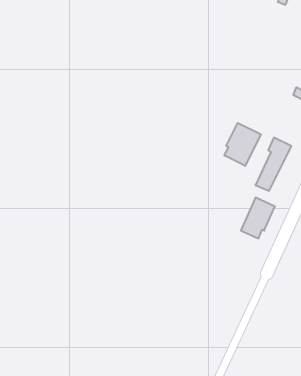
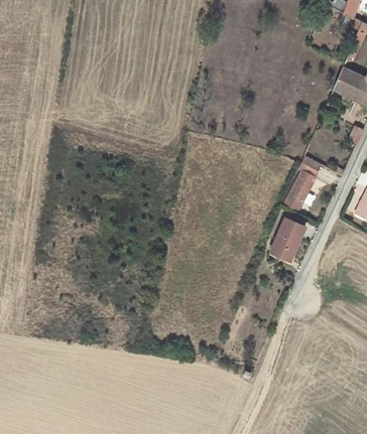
building: [224,123,261,166] -> none

